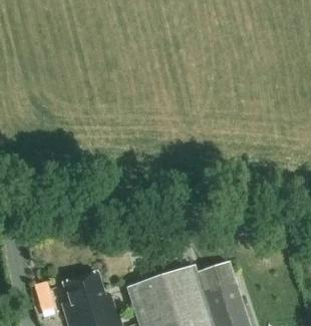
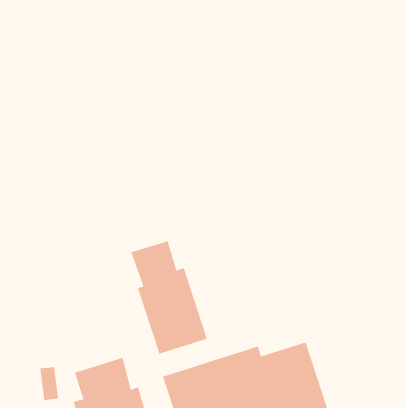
building: none -> [131,241,208,354]

